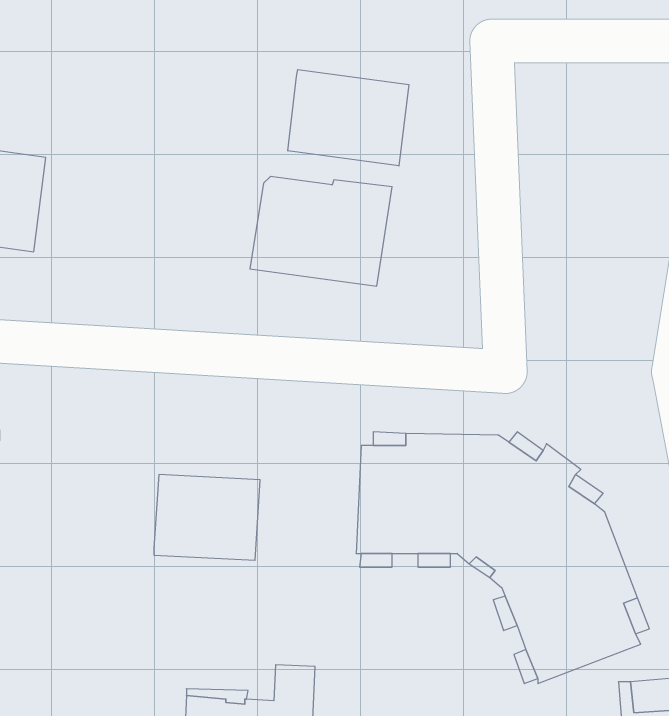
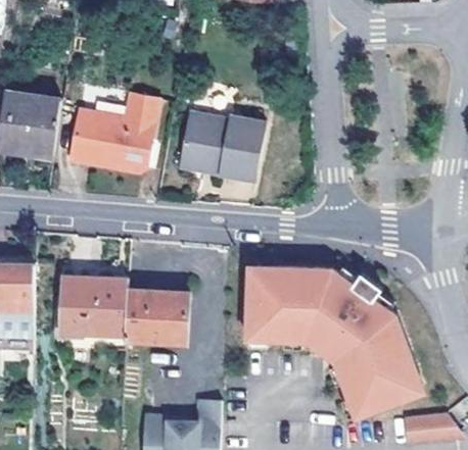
building: [288,70,409,166] -> none
building: none -> [71,93,156,172]
building: none -> [60,274,127,334]

